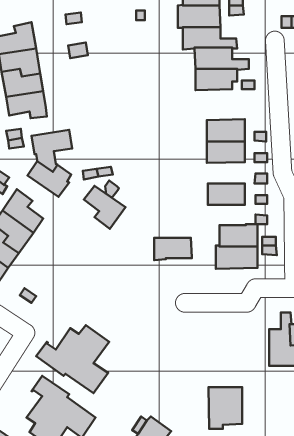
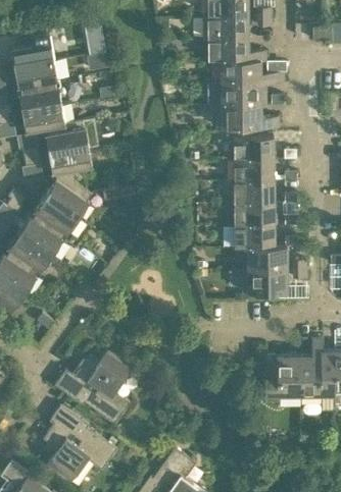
building: none -> [216,106,278,129]
building: none -> [46,120,98,155]
building: none -> [234,182,274,205]
building: [84,186,125,229] -> [34,197,78,241]
building: [154,238,192,260] -> [235,227,275,251]
building: [208,387,242,429] -> [263,358,299,401]

